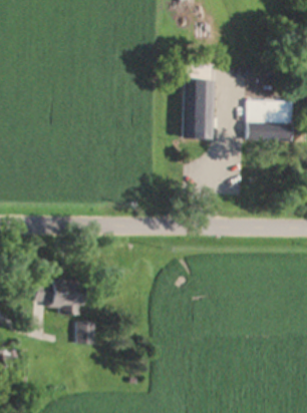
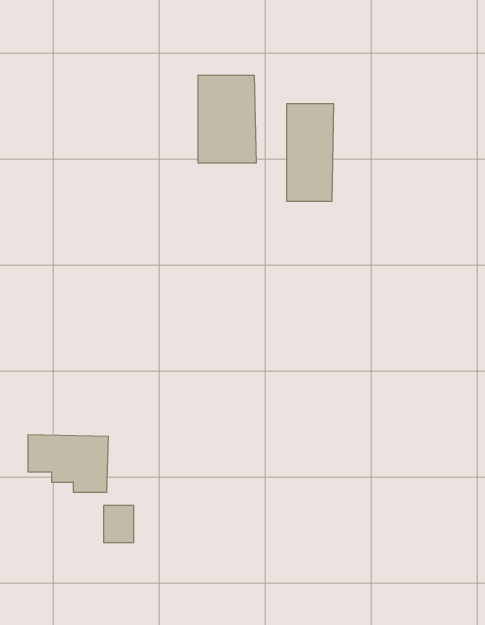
building: none -> [198,75,256,163]
building: [247,99,294,141] -> none

